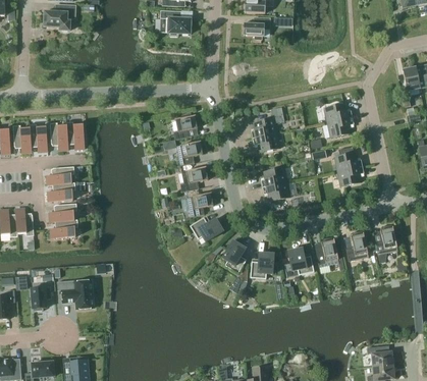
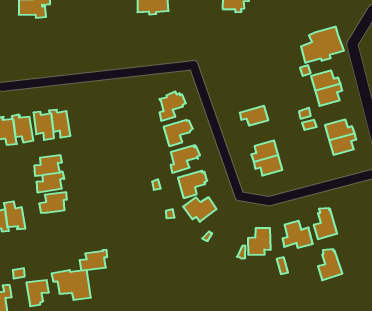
building: none -> [301,27,344,63]
building: [251,106,284,138] -> none
building: [50,219,77,237] -> [79,250,107,270]
building: [345,231,369,261] -> [318,249,342,280]
building: [222,239,247,273] -> none

